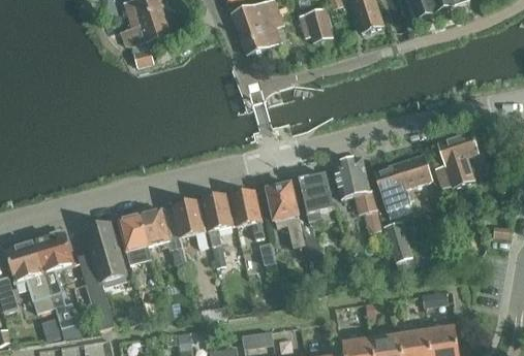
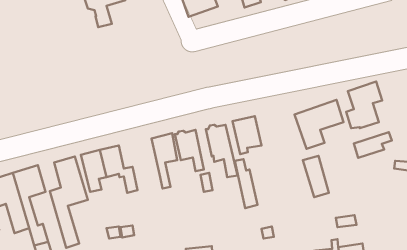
building: [332,156,377,214] -> none
building: none -> [354,132,392,158]
building: [173,199,208,247] -> none

